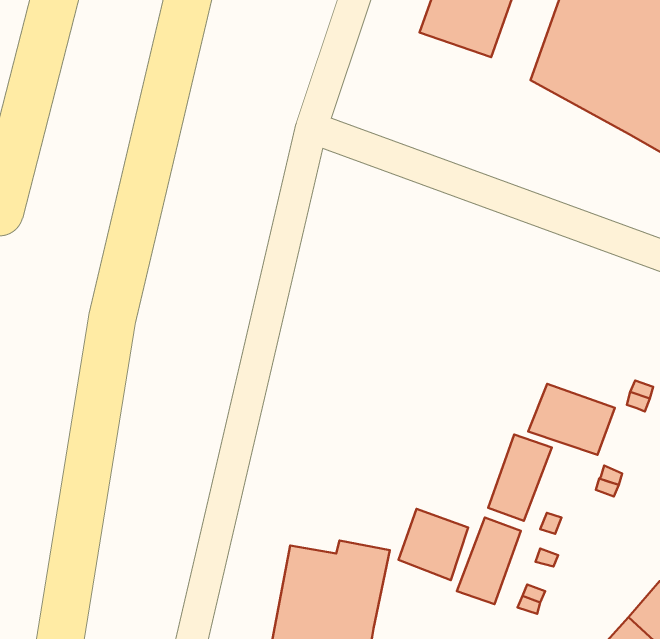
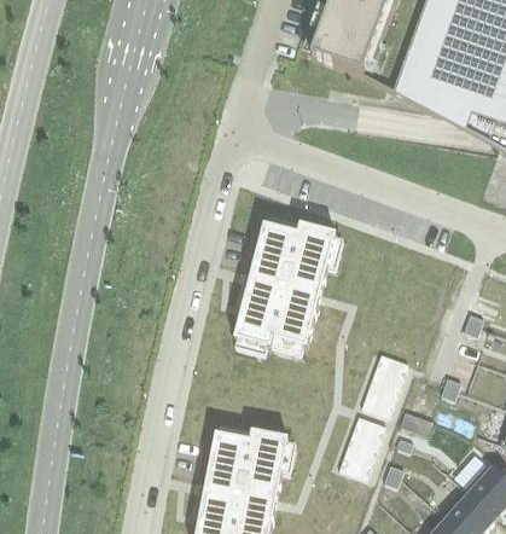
building: none -> [234,224,336,348]
building: [528,384,615,455] -> none
building: [399,509,468,580] -> none

